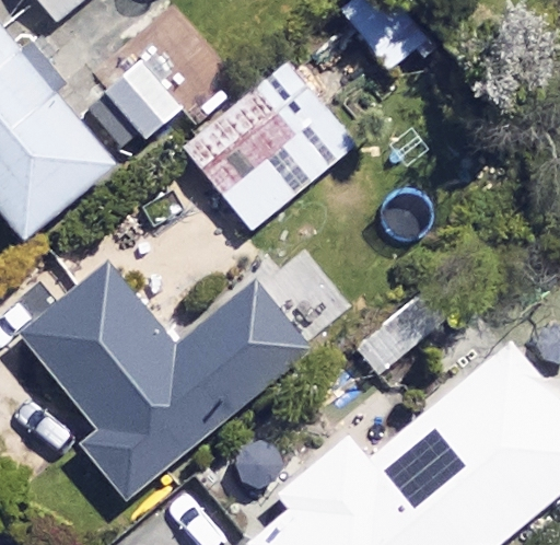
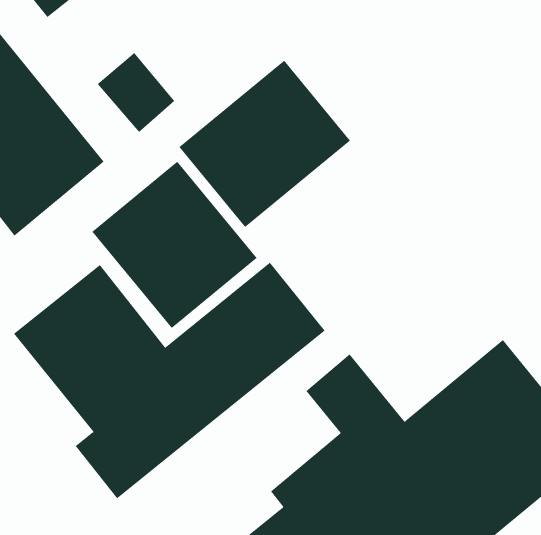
building: none -> [92,161,257,329]

